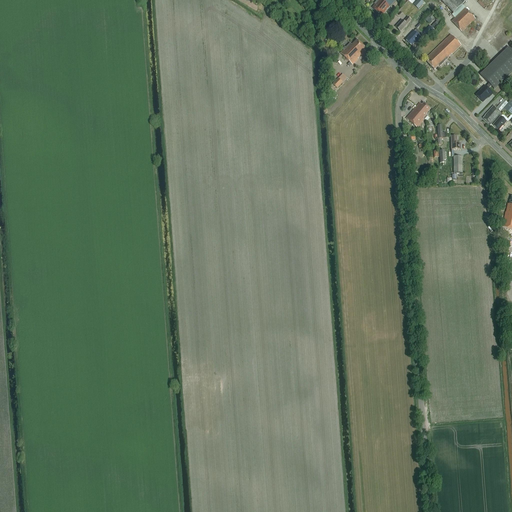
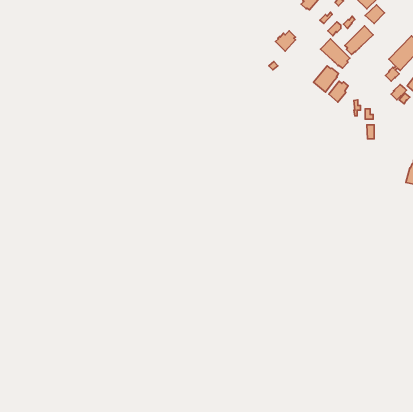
building: none -> [321,39,350,68]
building: none -> [313,66,338,92]

